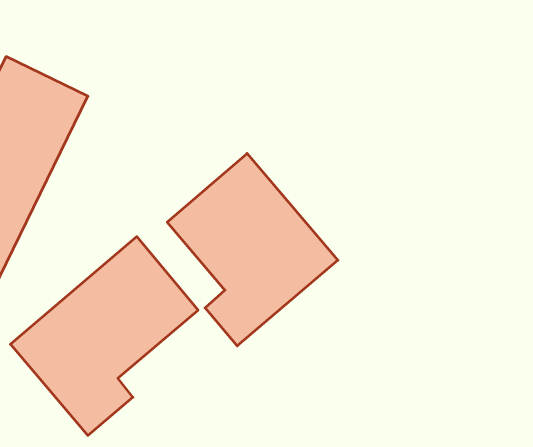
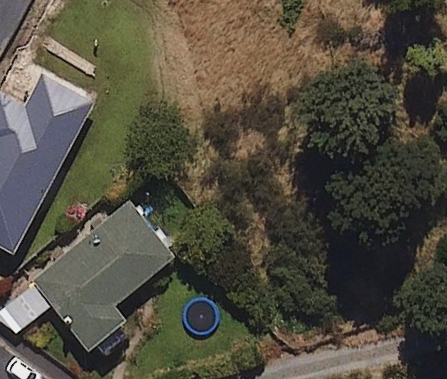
building: [167,153,338,346] -> none

